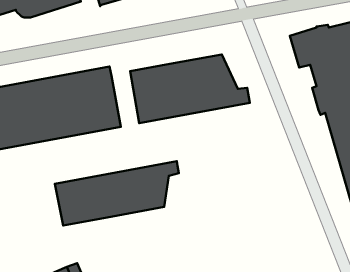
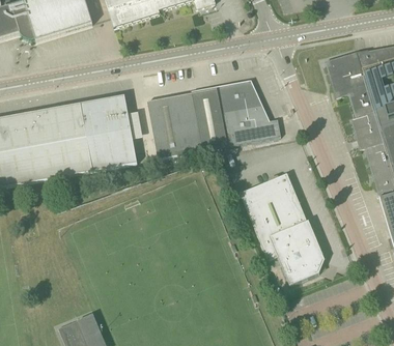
building: none -> [240,172,325,284]
building: [55,161,179,226] -> none

